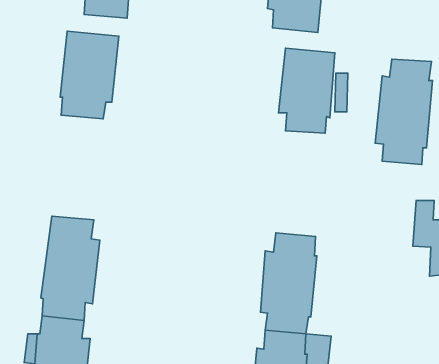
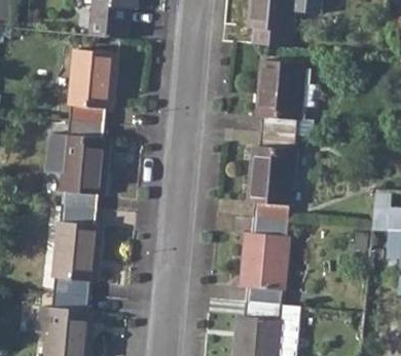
building: [375,59,433,165] -> [248,131,297,222]
building: none -> [45,118,110,207]

